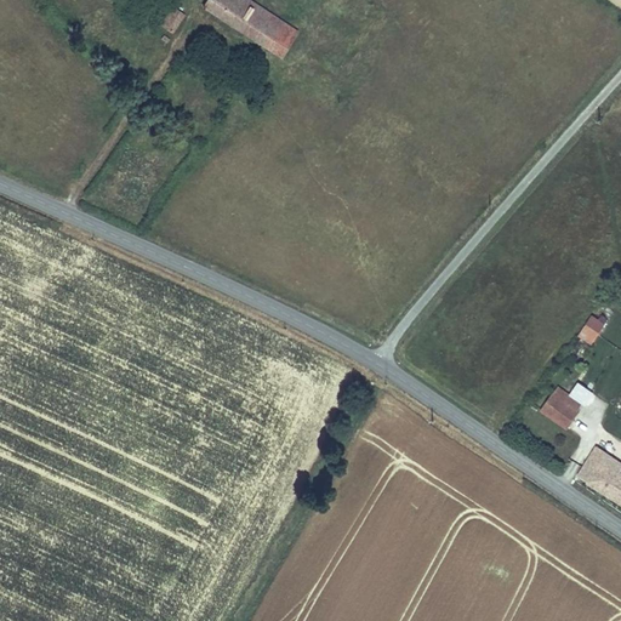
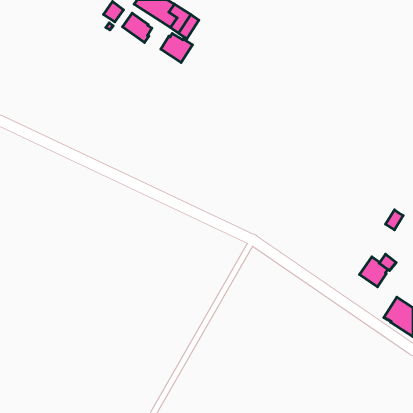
building: none -> [123,13,152,42]
building: none -> [161,33,193,62]

